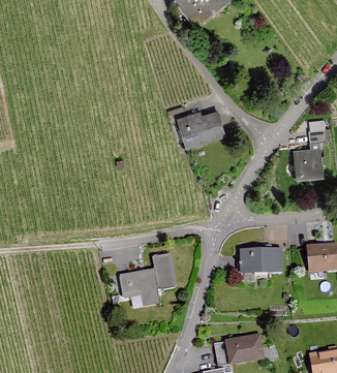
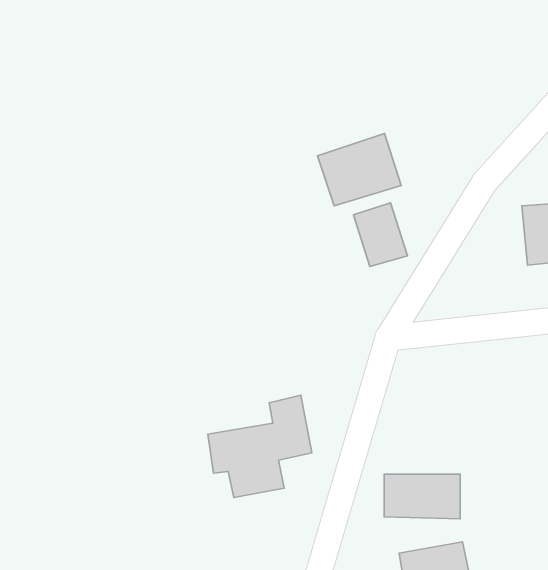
building: none -> [353,203,407,267]
building: [241,249,283,274] -> [384,474,460,519]

